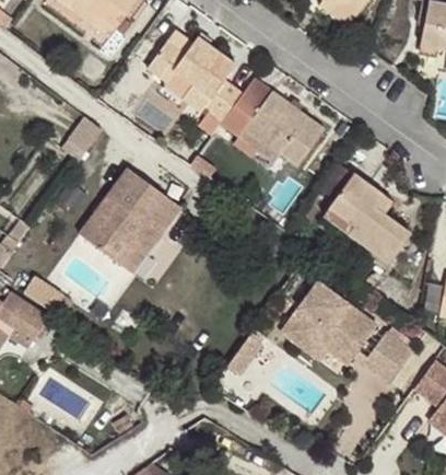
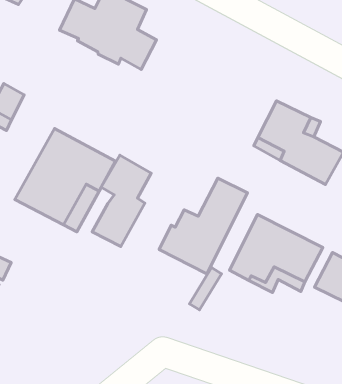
building: [220,90,325,166] -> none
building: none -> [92,155,151,247]
building: none -> [159,178,248,274]

